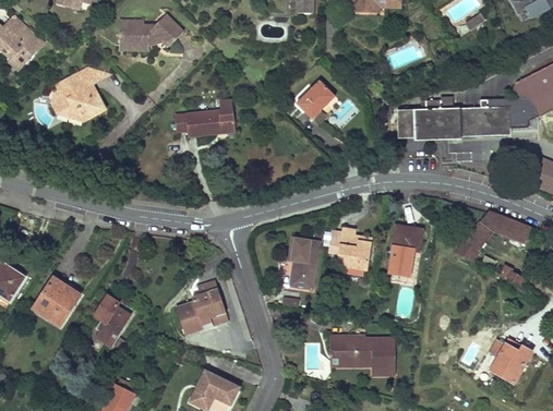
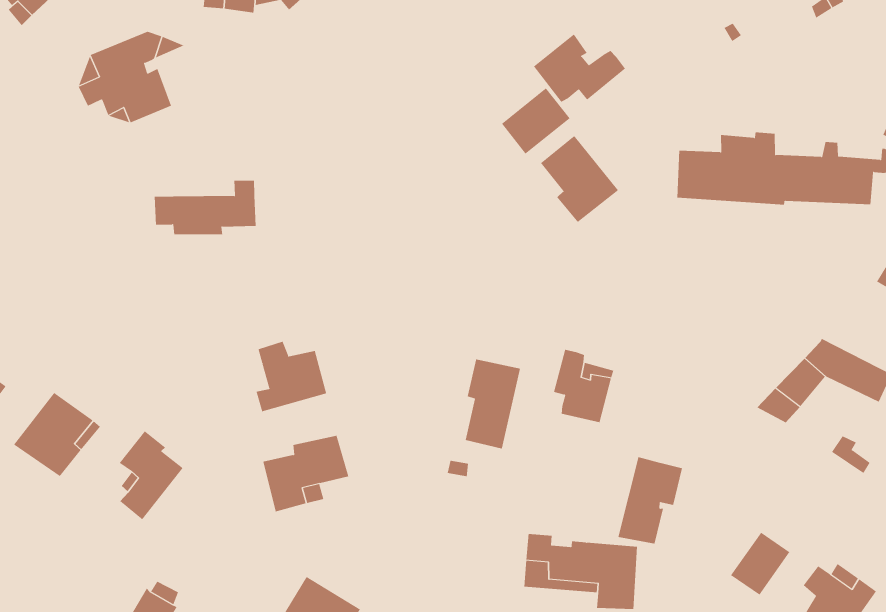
building: none -> [533,33,626,103]
building: [176,100,236,135] -> [154,180,257,235]
building: none -> [540,135,619,223]
building: [388,226,422,275] -> [618,457,683,544]
building: none -> [256,341,327,412]
building: none -> [730,532,790,596]

